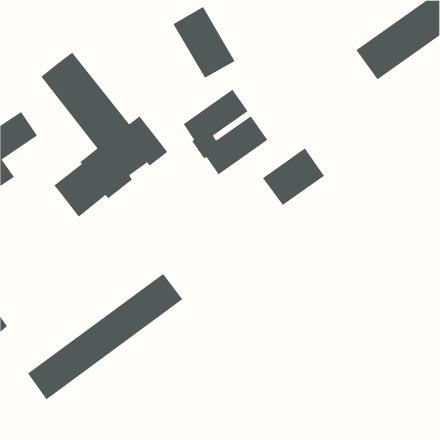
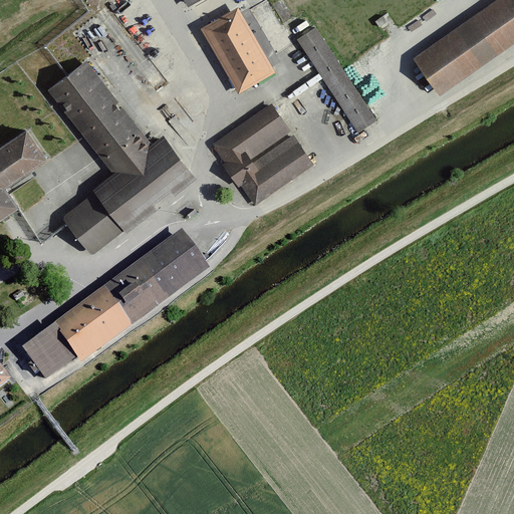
building: none -> [297,29,374,132]
building: [262,148,325,206] -> none
building: [27,273,183,400] -> [22,233,204,380]

